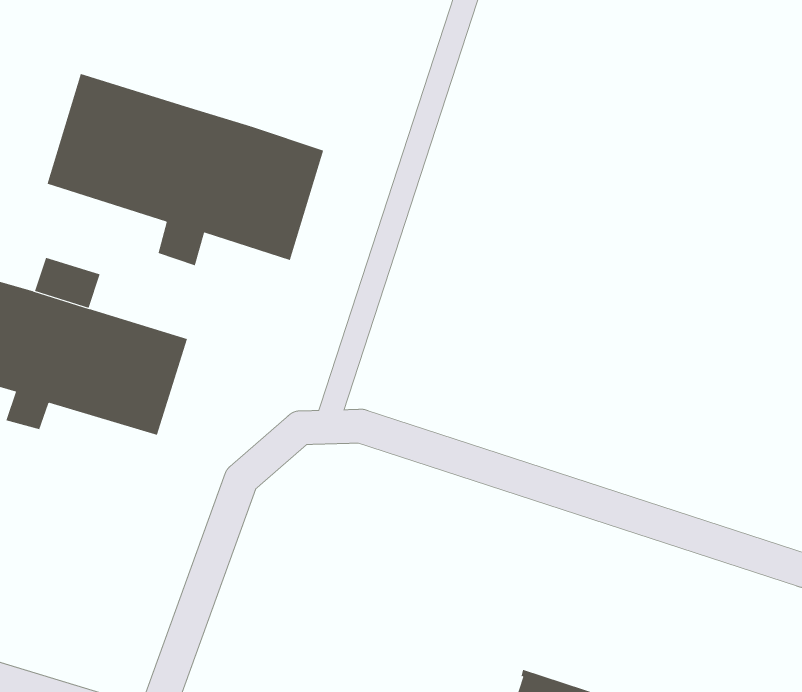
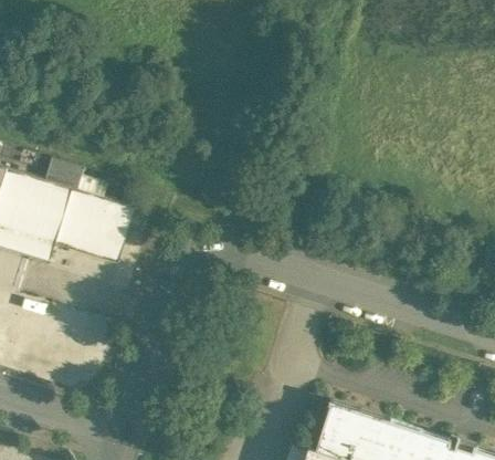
building: [47,73,324,266] -> none

